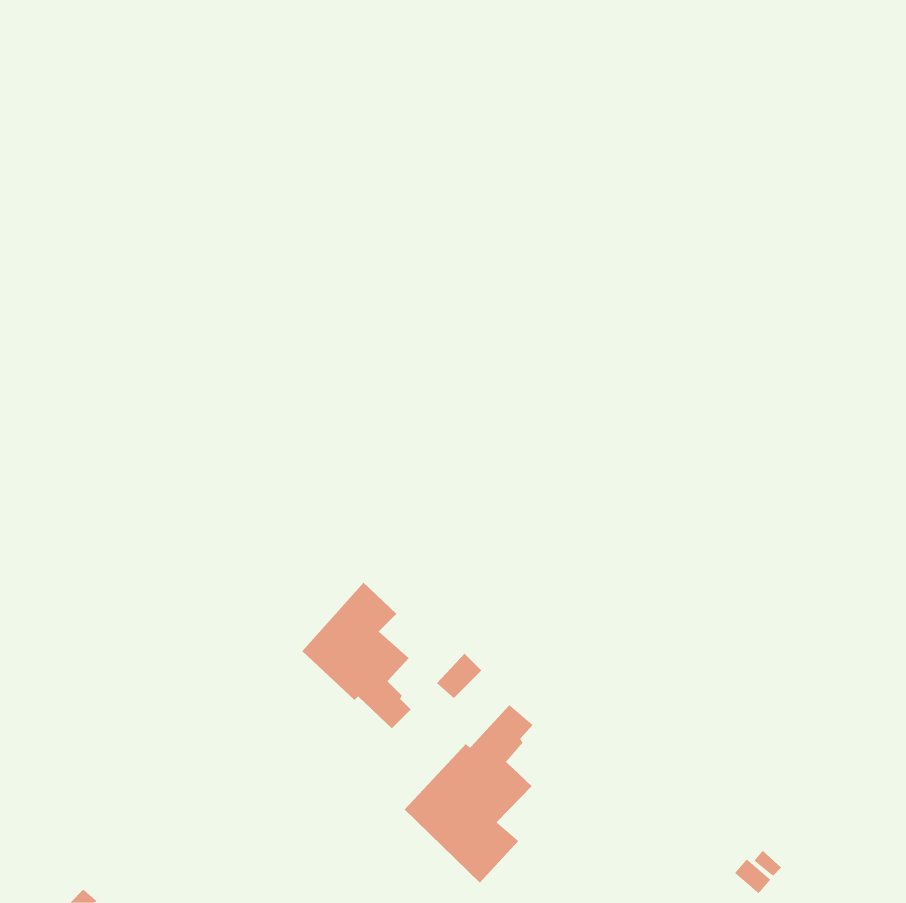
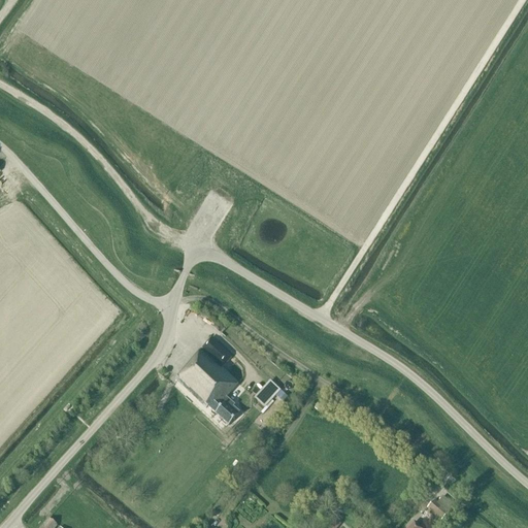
building: [404,704,533,884] -> none

